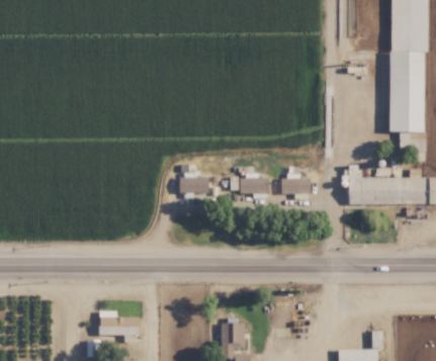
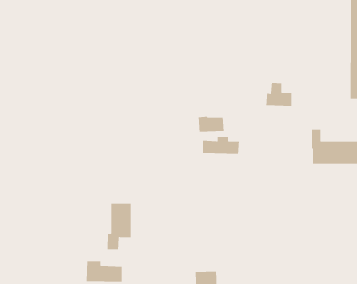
building: [280,167,310,194] -> [266,82,292,107]
building: [180,176,209,194] -> [198,116,224,132]
building: none -> [107,203,132,250]

